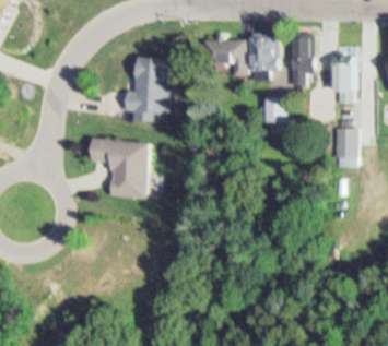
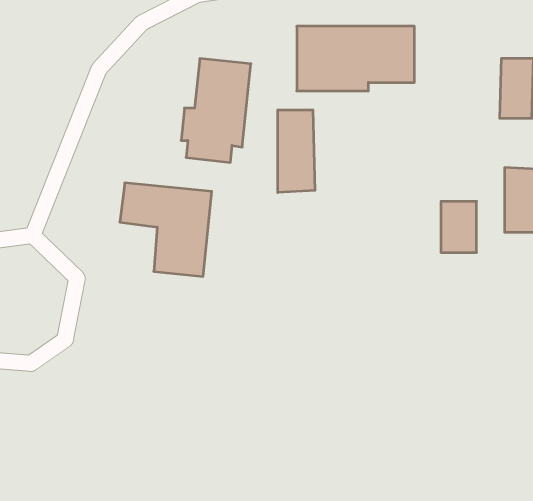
building: [289,33,314,85] -> none
building: none -> [278,110,315,193]
building: [263,97,286,130] -> [441,201,477,252]

